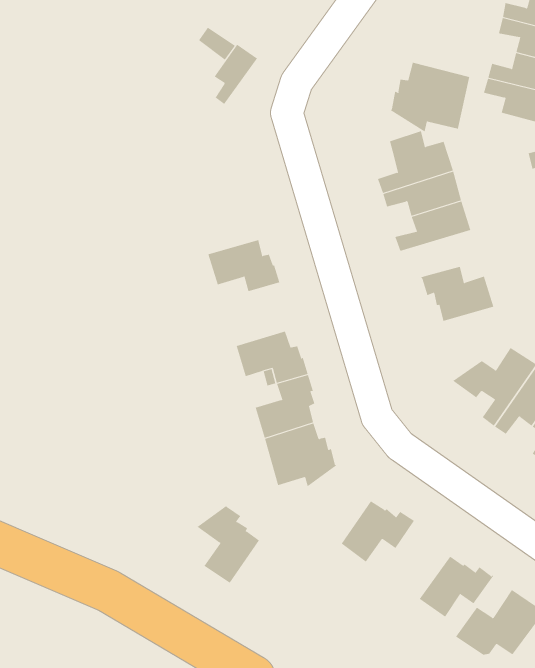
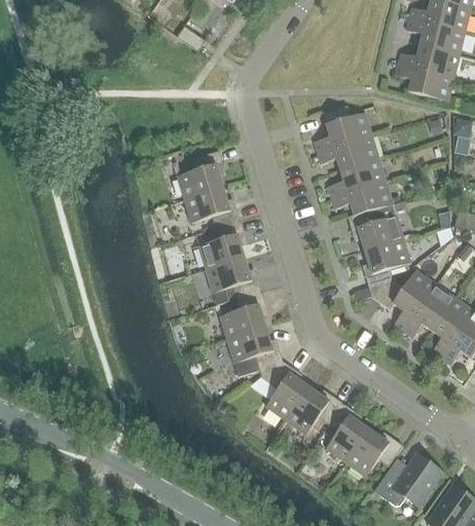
building: [214,44,258,105] -> none
building: [390,62,470,133] -> none
building: none -> [176,149,223,198]
building: none -> [330,180,392,214]
building: none -> [197,220,244,268]
building: none -> [363,238,409,295]
building: [197,505,260,583] -> [259,360,307,419]
building: none -> [325,402,368,461]

